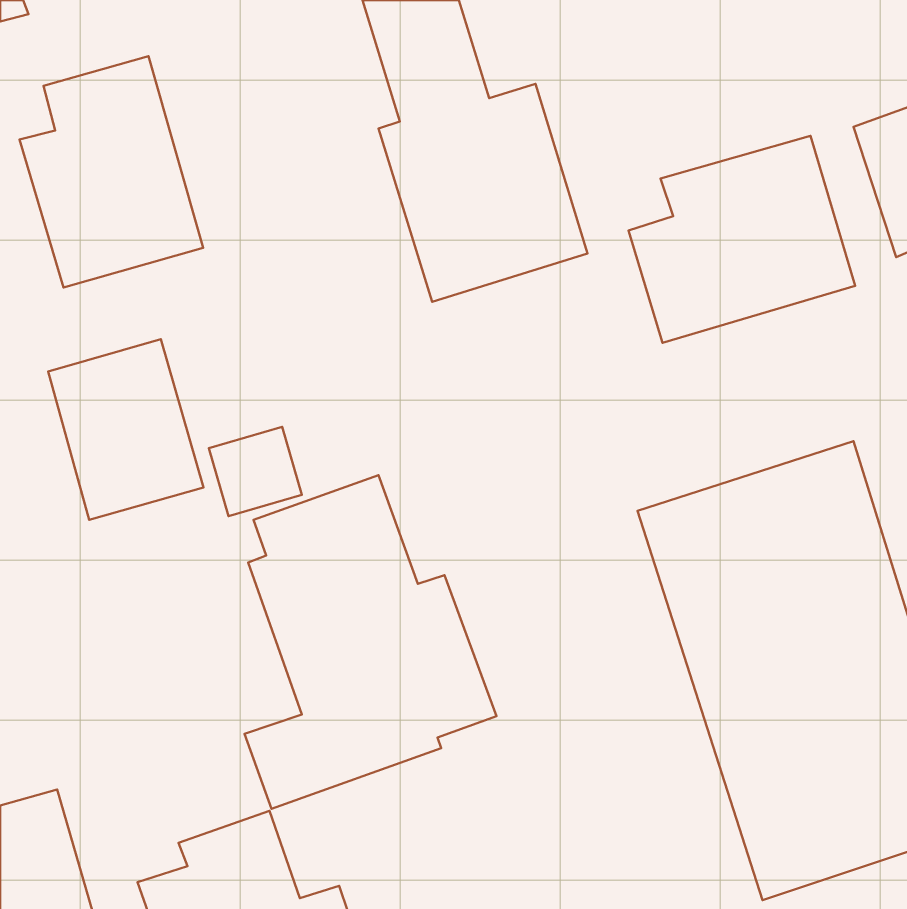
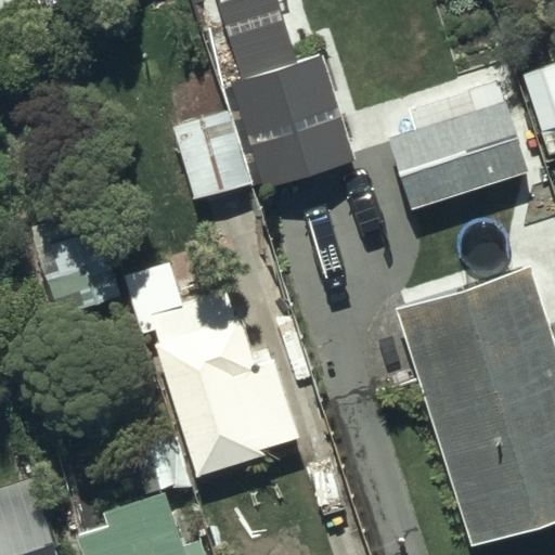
building: [20,56,203,288] -> none
building: none -> [164,73,249,201]

